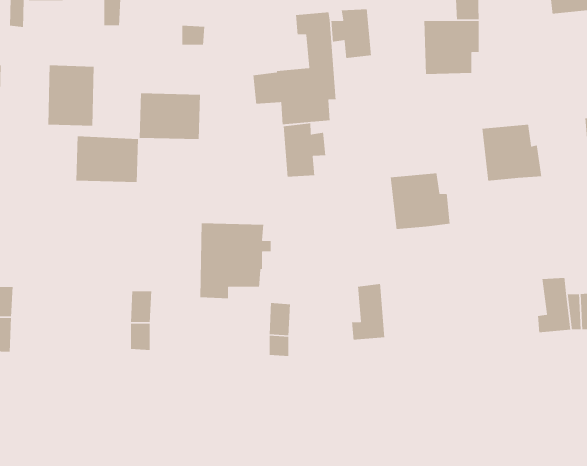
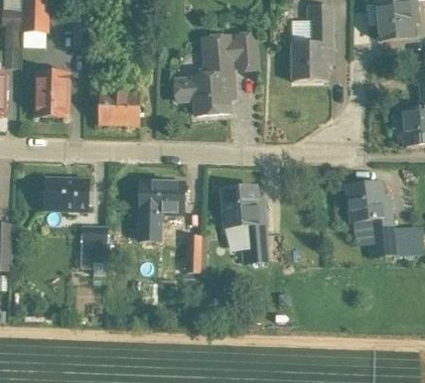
building: [283,122,326,177] -> none
building: [482,124,542,181] -> [347,181,389,221]
building: [75,135,139,183] -> [44,177,88,210]
building: [390,172,450,230] -> [222,186,263,226]

